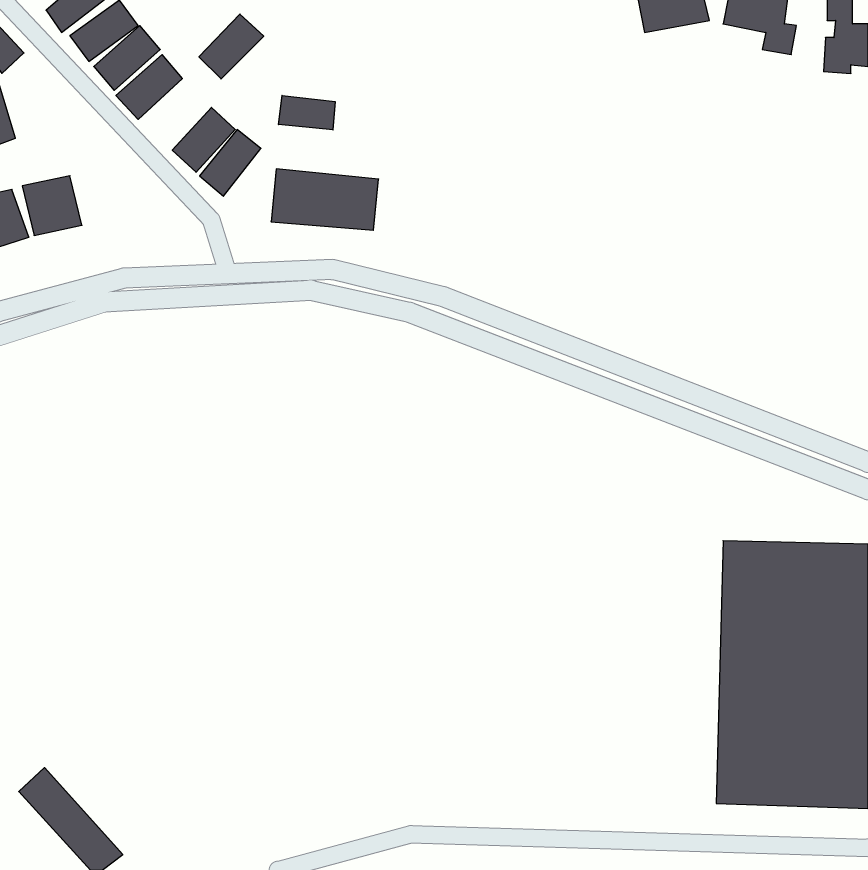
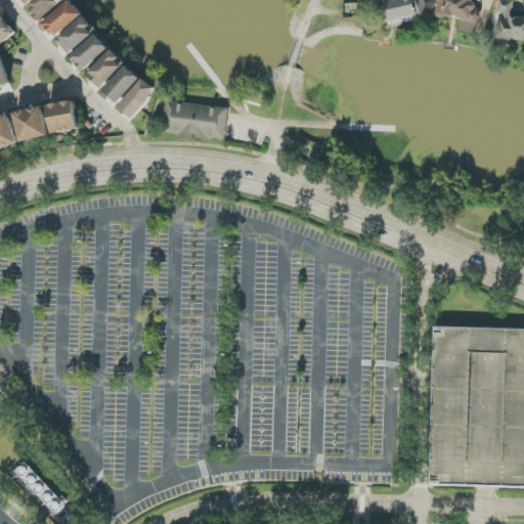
building: [199,14,264,79] -> [87,49,126,88]
building: [279,95,335,130] -> none
building: none -> [48,100,78,132]

